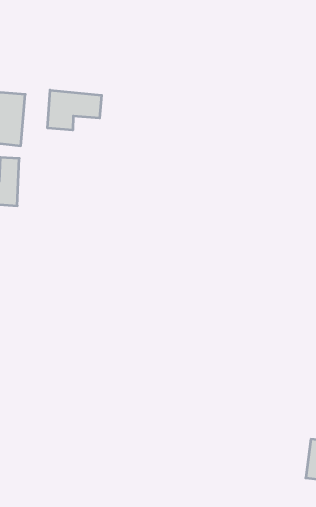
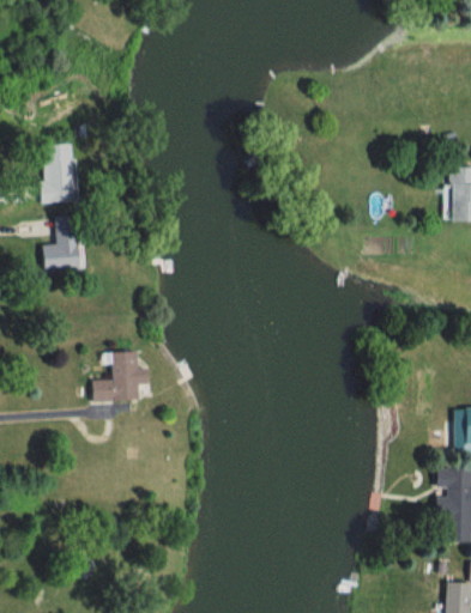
building: [48,90,102,130] -> none
building: none -> [92,351,146,401]

